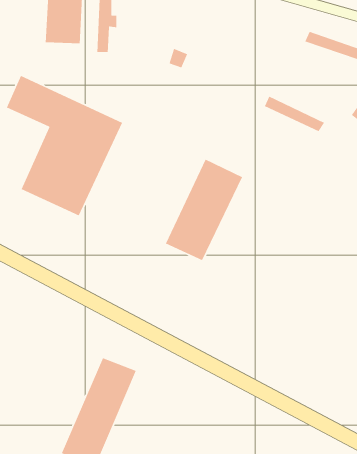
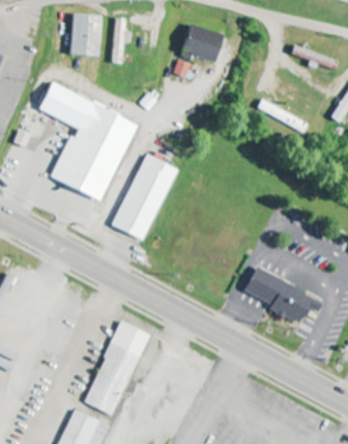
building: none -> [182,24,224,61]
building: [165,158,243,261] -> [111,154,177,241]
building: none -> [243,269,322,324]

